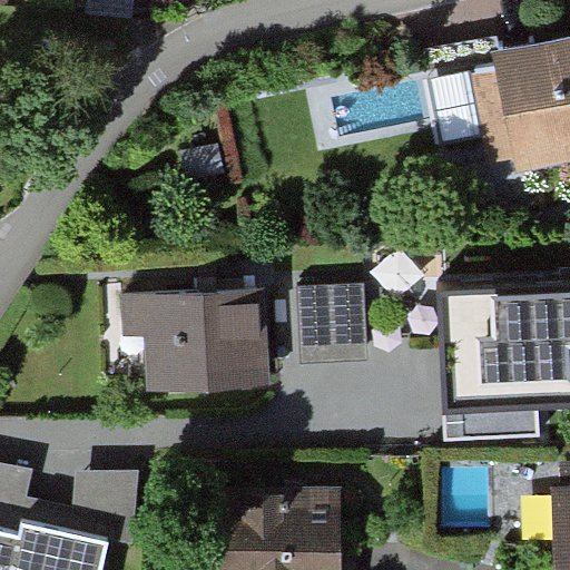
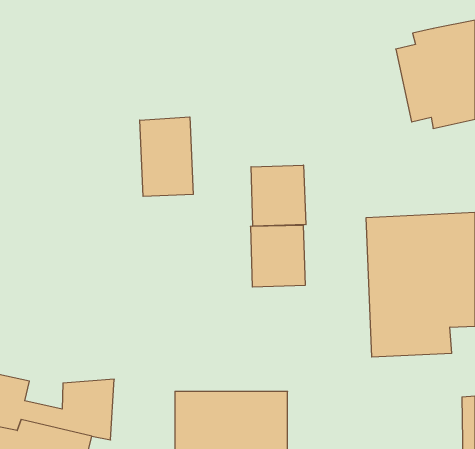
building: none -> [140,117,193,196]
building: none -> [251,165,306,226]
building: [121,287,276,395] -> none

